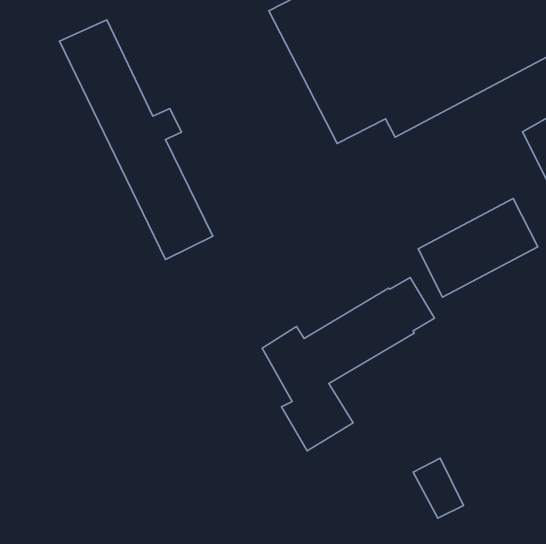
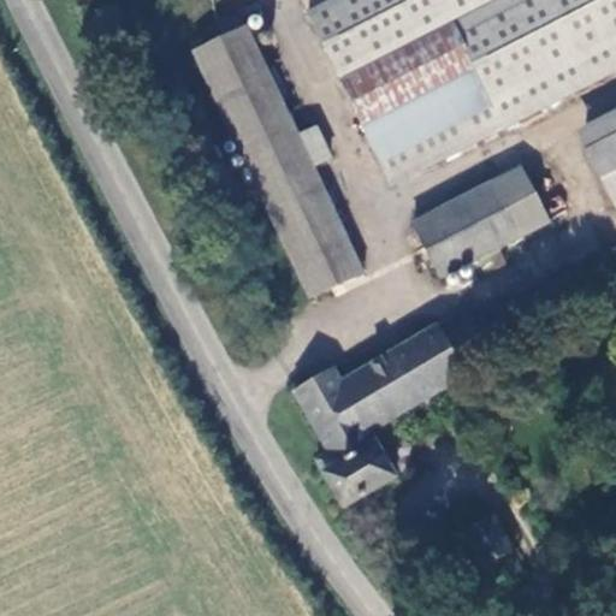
building: [60,20,213,260] -> [192,26,365,296]
building: [418,199,538,297] -> [414,165,549,276]

